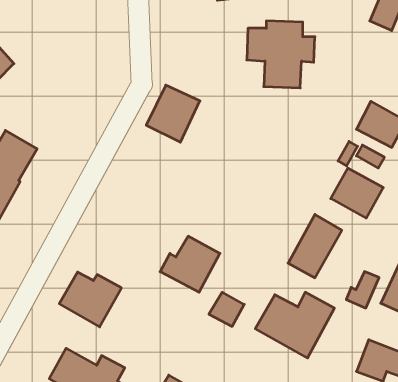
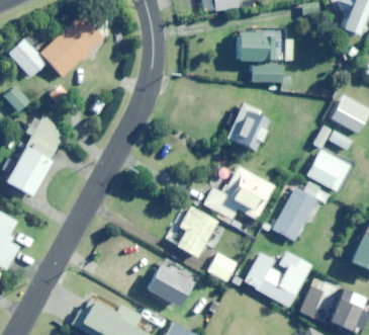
building: none -> [39,15,102,77]
building: [146,85,200,142] -> [224,104,269,152]
building: none -> [203,166,274,220]
building: [346,272,379,308] -> [295,287,322,318]
building: [59,272,121,327] -> [145,264,196,310]

